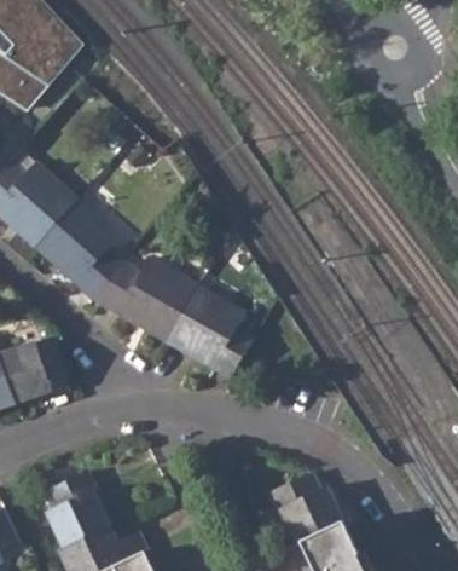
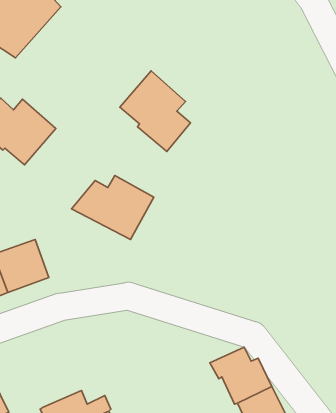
building: [36,200,123,299] -> [120,71,190,151]
building: [167,284,253,375] -> none
building: [41,468,106,543] -> none

